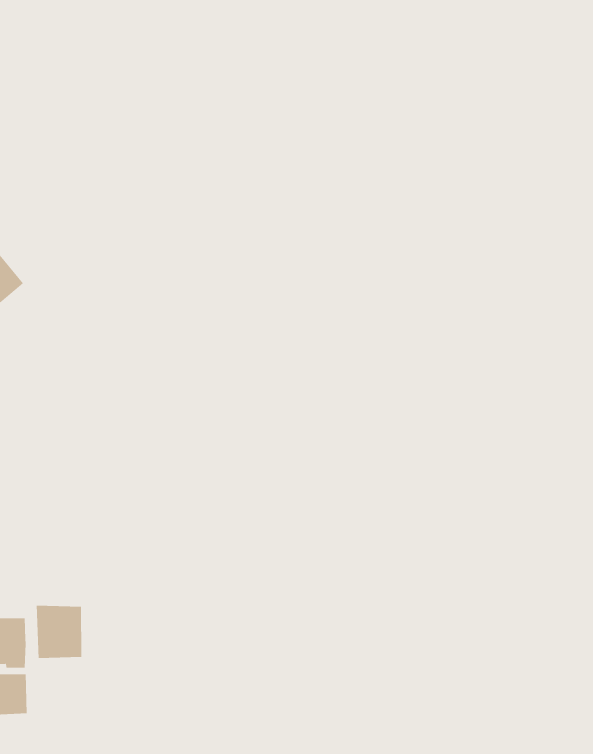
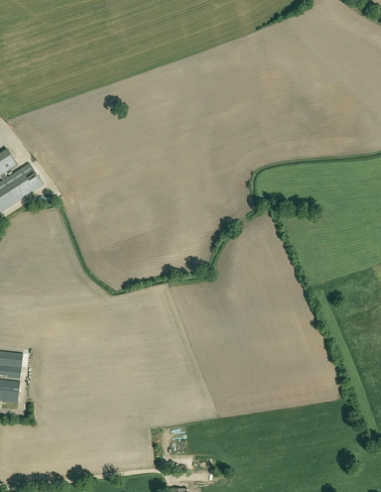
building: [36,605,82,659] -> none

